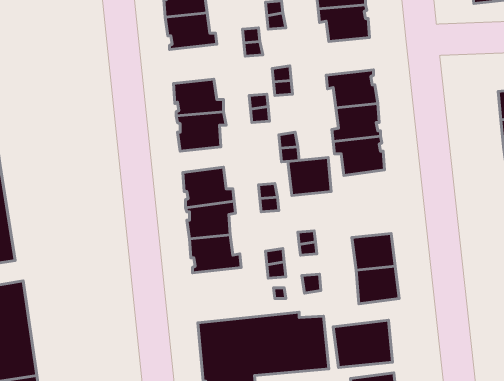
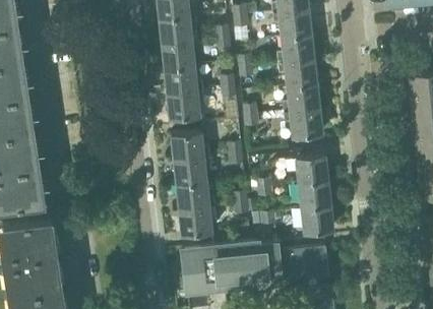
building: none -> [277,33,314,61]
building: none -> [161,38,197,67]
building: [288,158,331,195] -> [295,154,327,183]
building: none -> [178,205,215,235]

